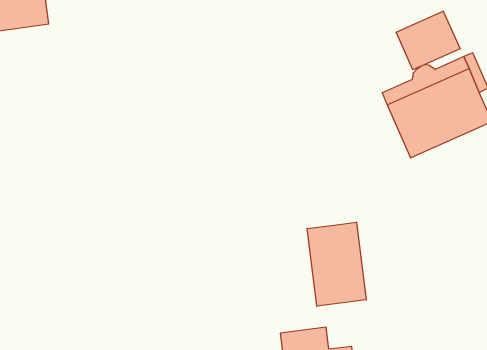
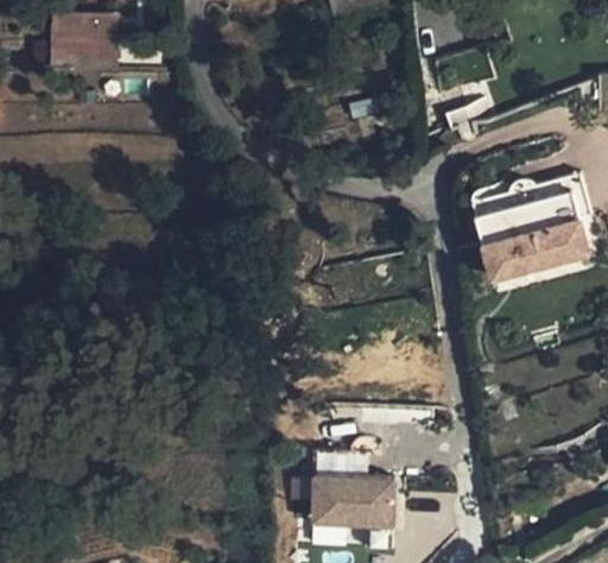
building: [396,11,460,70] -> none
building: [307,222,366,306] -> none

